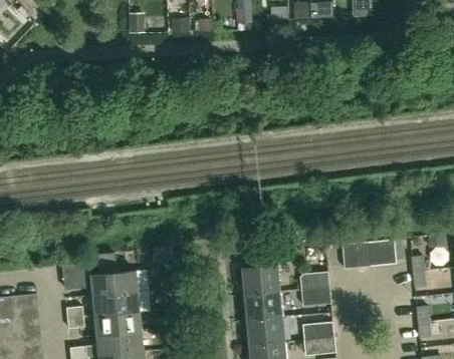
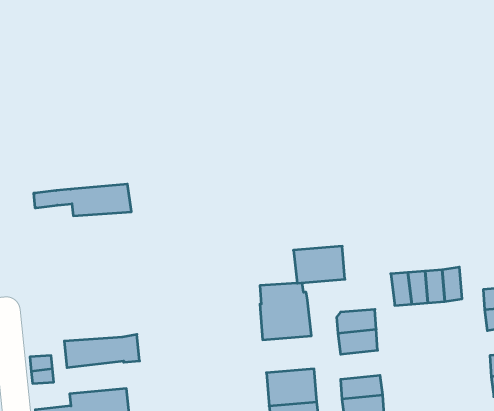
building: [62,272,137,296] -> [34,184,131,216]
building: [243,292,282,320] -> [293,246,345,283]
building: [94,311,140,336] -> none

